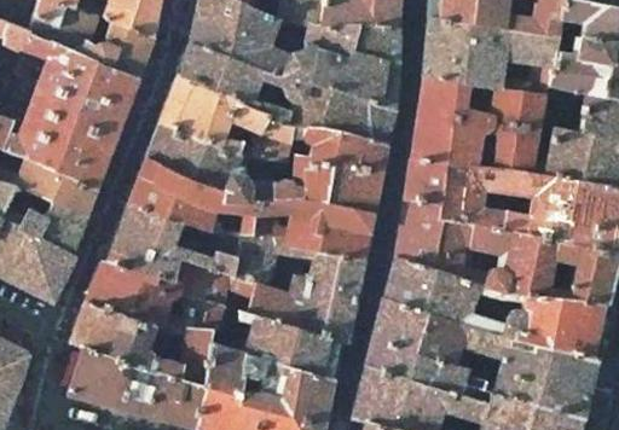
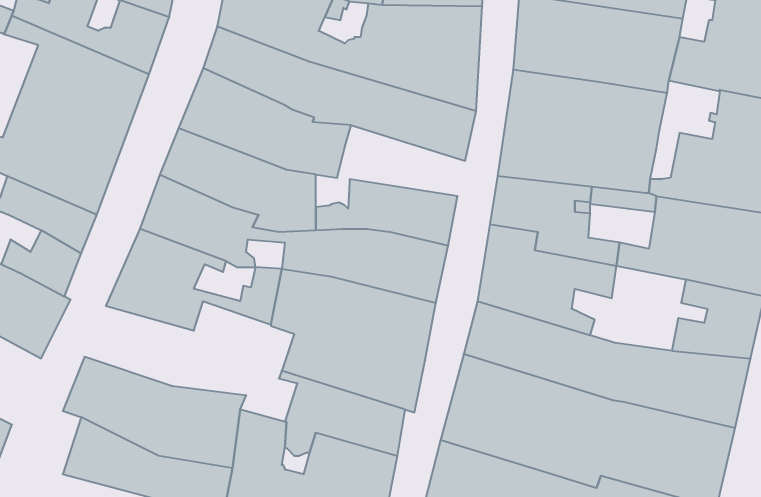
building: [290,121,384,176] -> none
building: [482,231,557,297] -> none
building: [86,258,225,332] -> none

